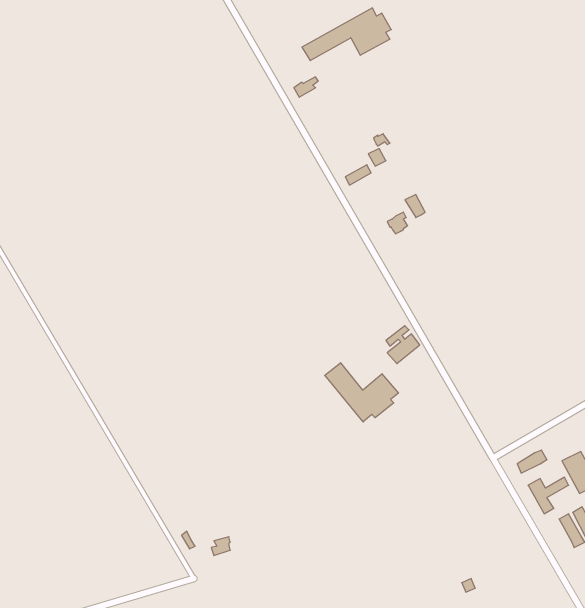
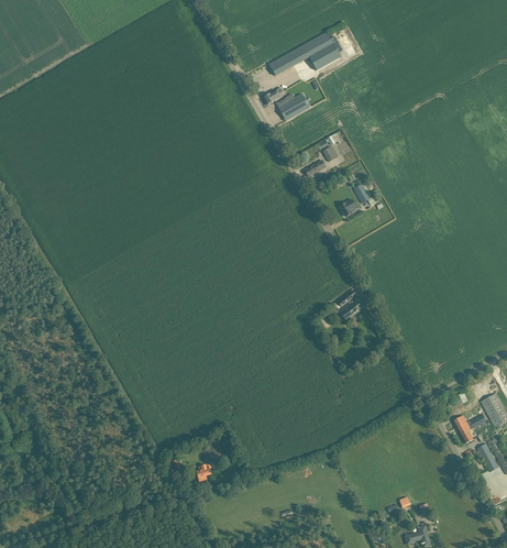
building: none -> [275,94,309,120]
building: [325,363,398,422] -> none

